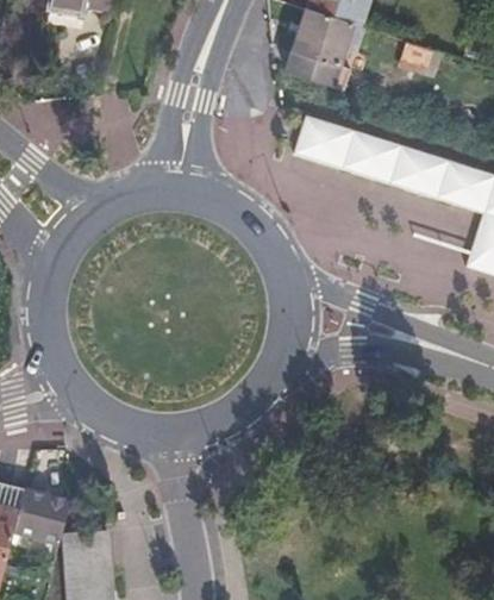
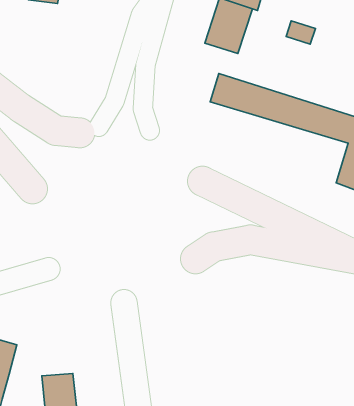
building: [15,489,68,542] -> none

